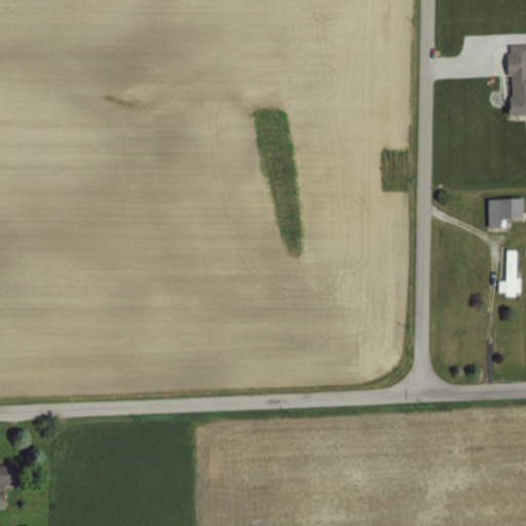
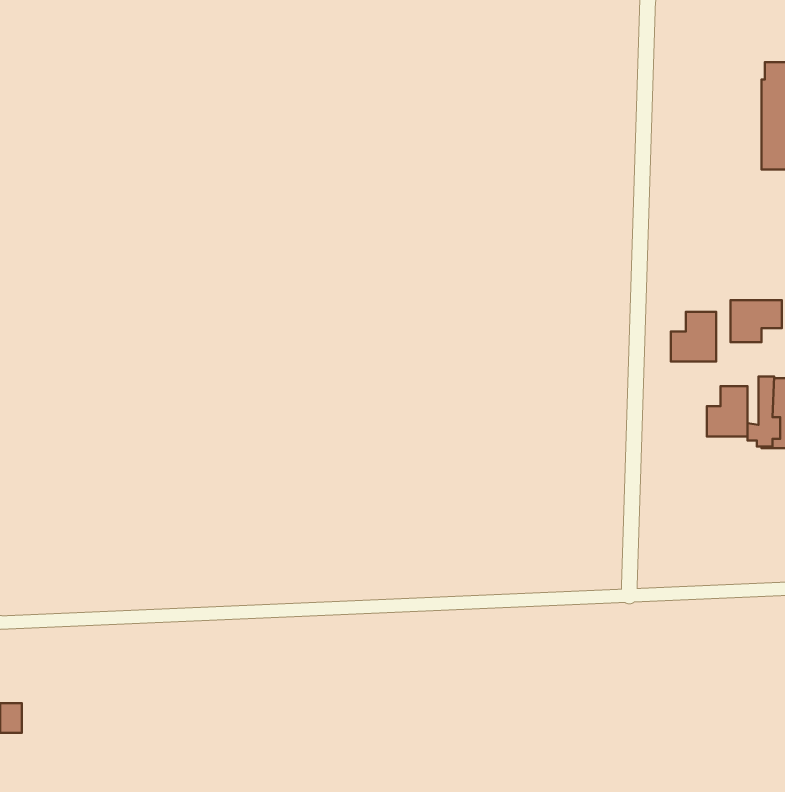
building: none -> [671,312,716,362]
building: none -> [707,386,748,436]

